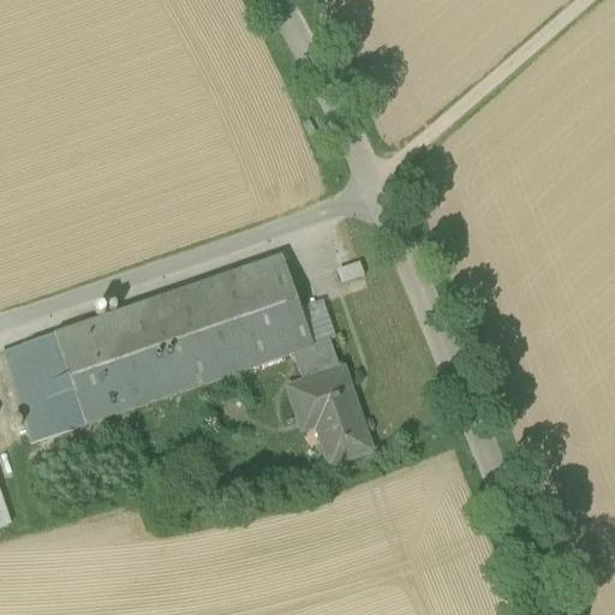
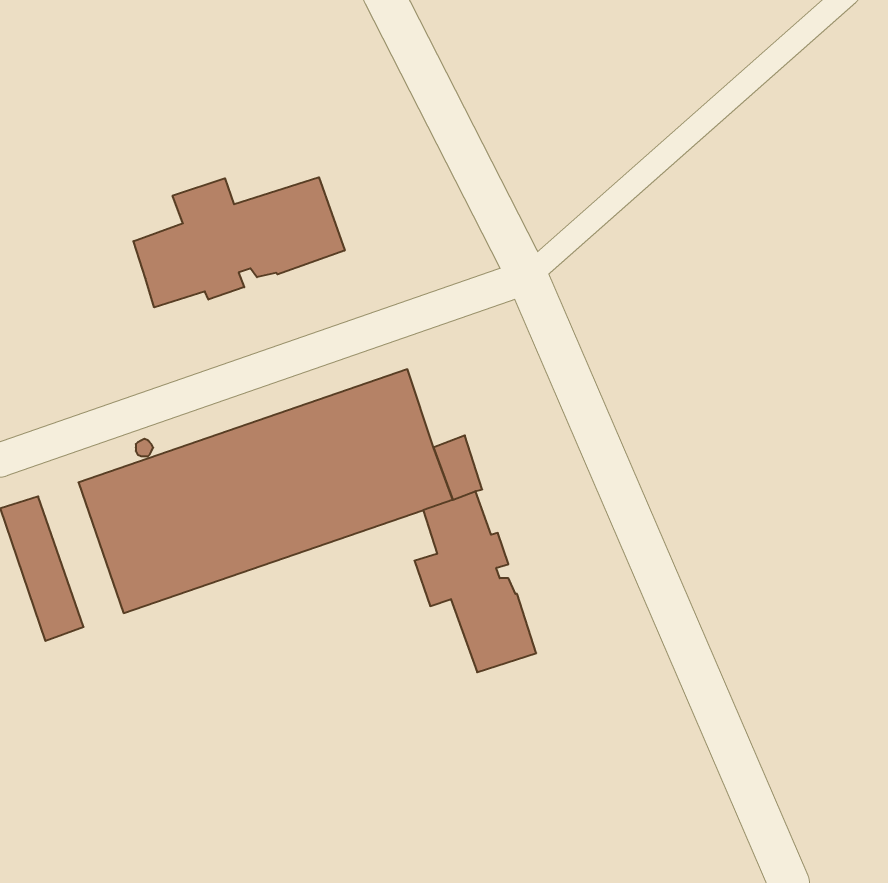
building: none -> [133,177,345,307]
building: [28,333,86,432] -> none

